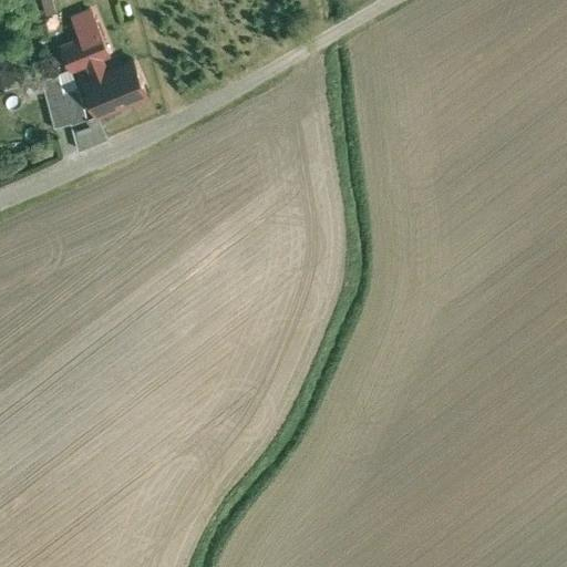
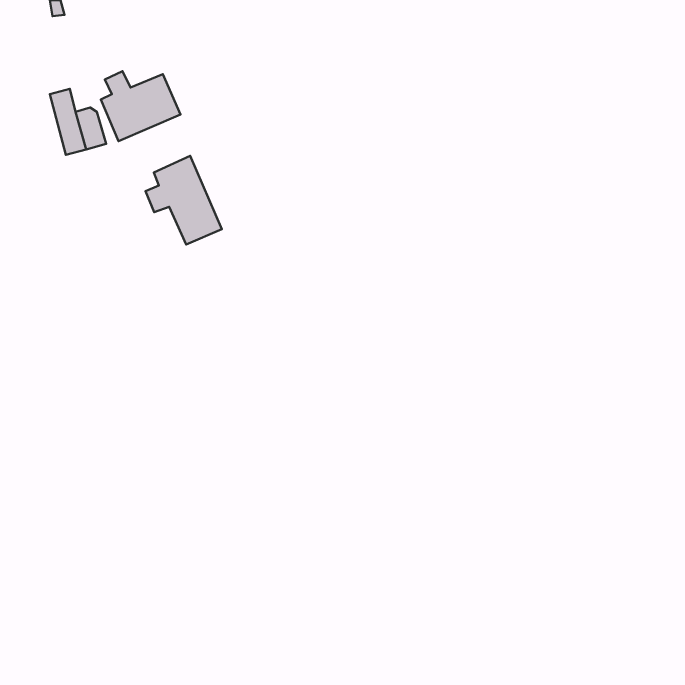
building: [61,11,110,73] -> none
building: none -> [145,156,222,245]

